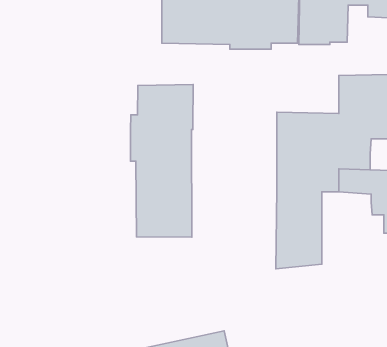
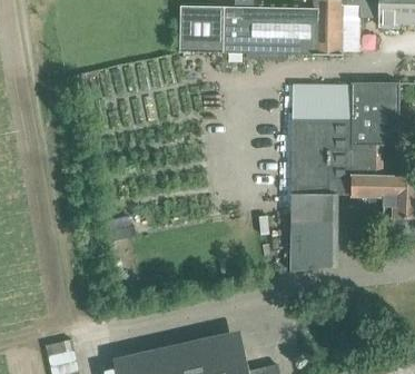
building: none -> [290,83,350,120]
building: [130,85,193,237] -> none

